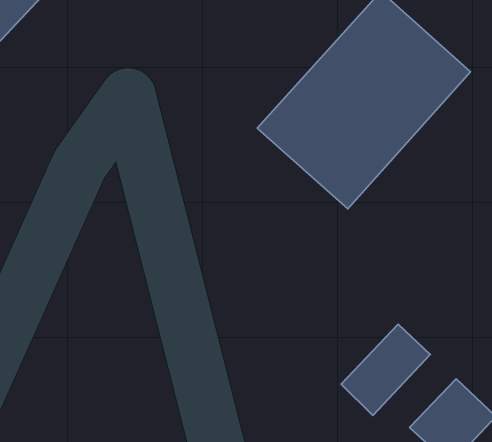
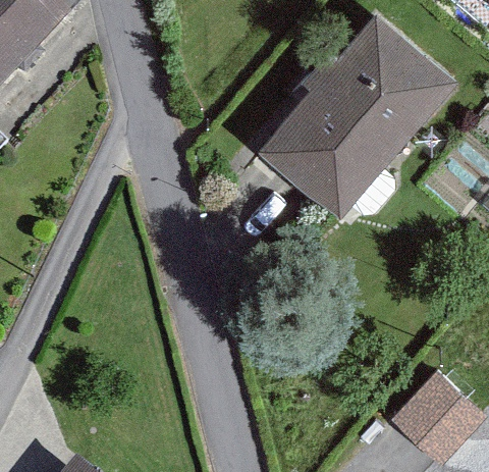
building: [341,324,430,415] -> none

